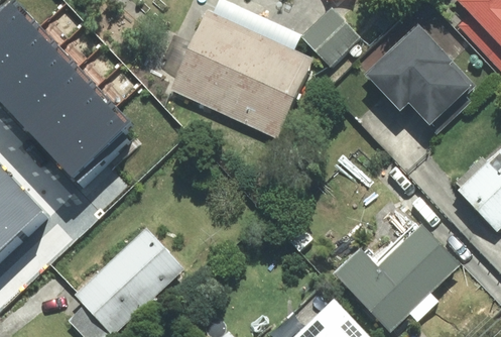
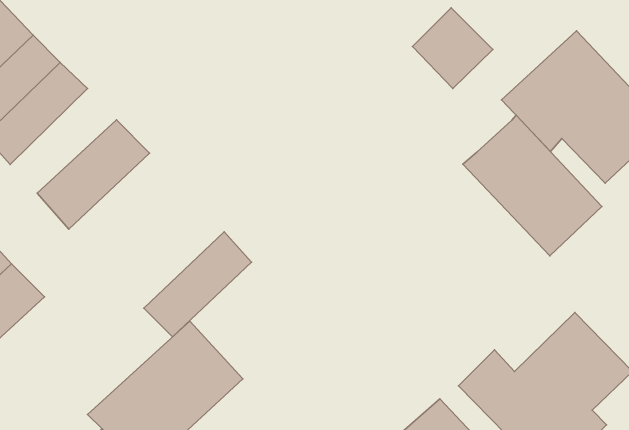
building: [171,12,310,136] -> none
building: [21,66,96,139] -> none
building: none -> [463,115,602,256]
building: [62,111,138,185] -> [144,232,252,337]

